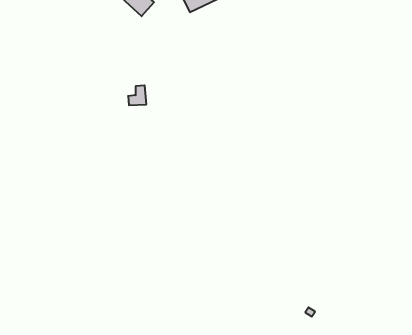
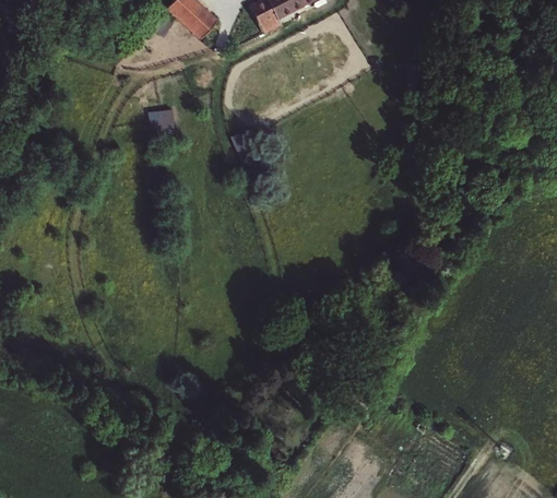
building: [128,85,146,105] -> [152,108,176,134]

